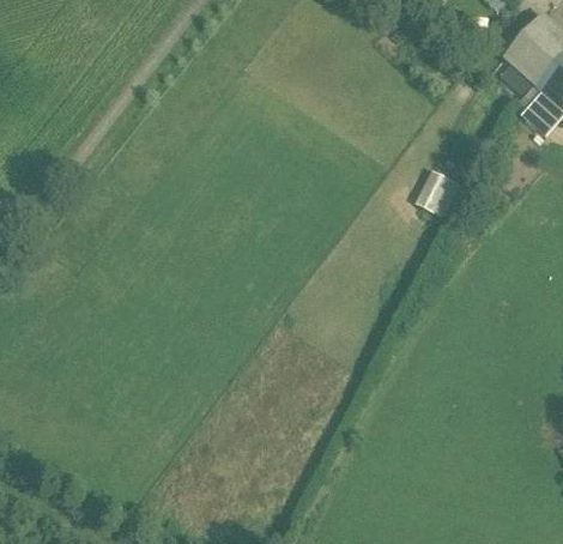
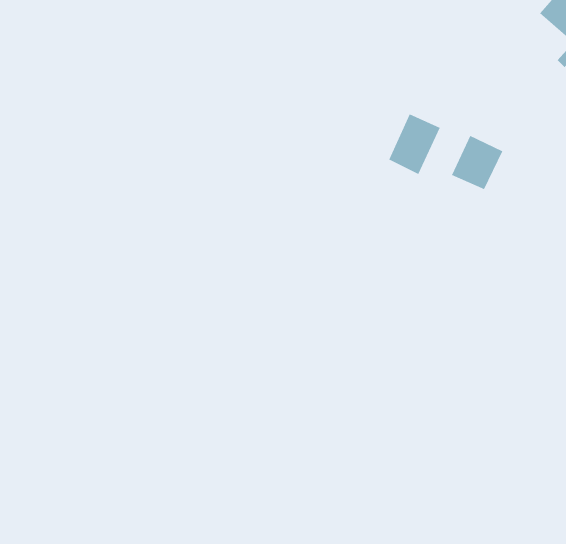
building: none -> [388,113,440,175]

